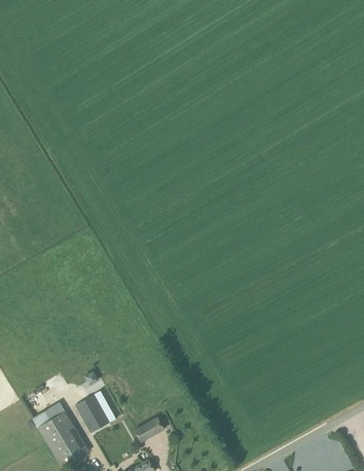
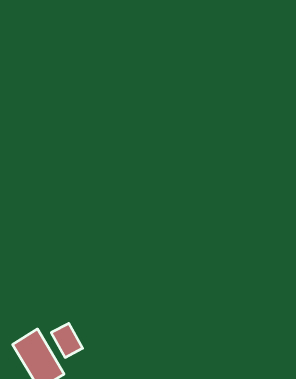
building: [135,415,166,442] -> none

